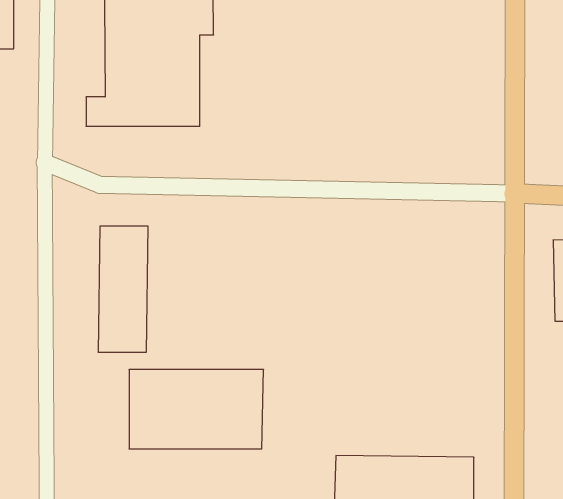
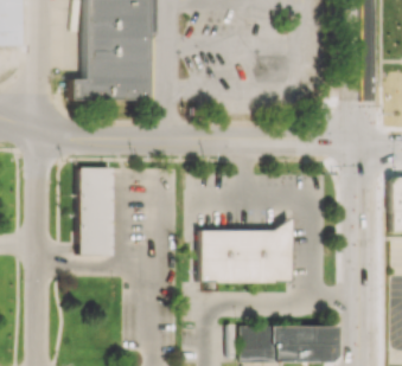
building: [129,370,264,449] -> [200,229,293,283]

